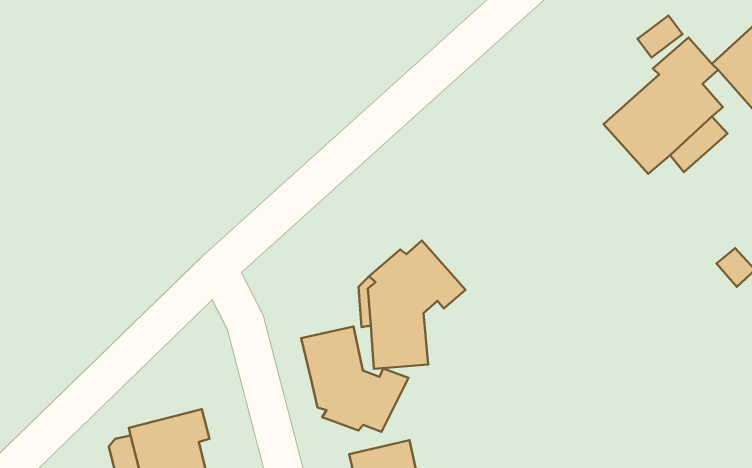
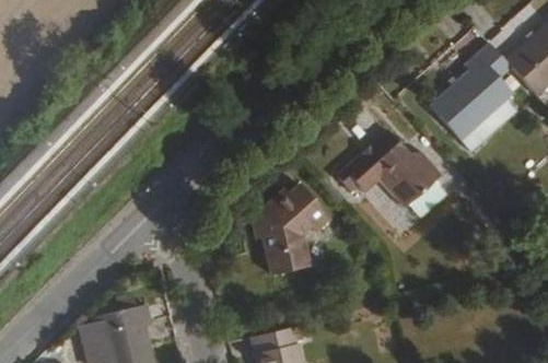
building: none -> [340,131,444,209]
building: [301,326,409,432] -> none

